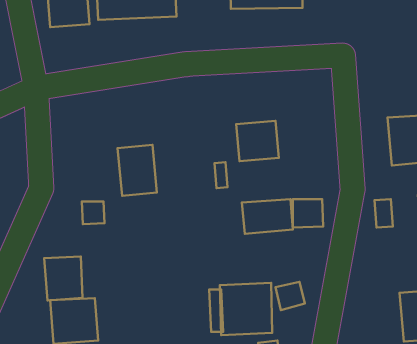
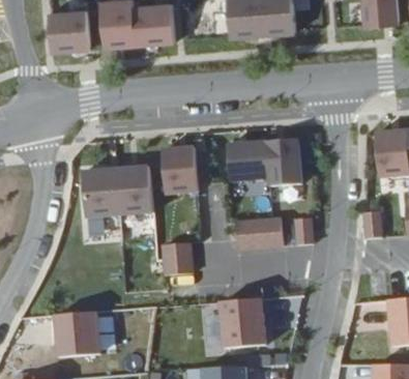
building: none -> [268,141,303,185]
building: none -> [166,147,200,195]
building: none -> [85,169,122,217]
building: none -> [164,242,195,274]
building: [44,256,83,301] -> none

